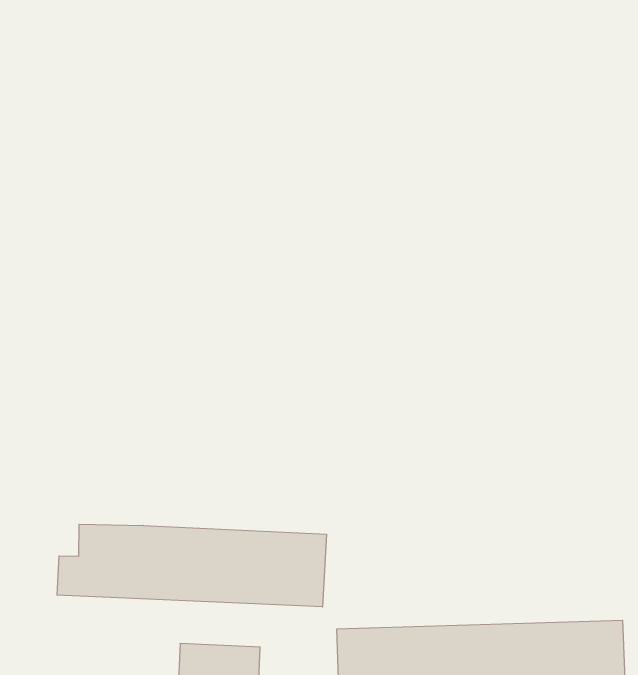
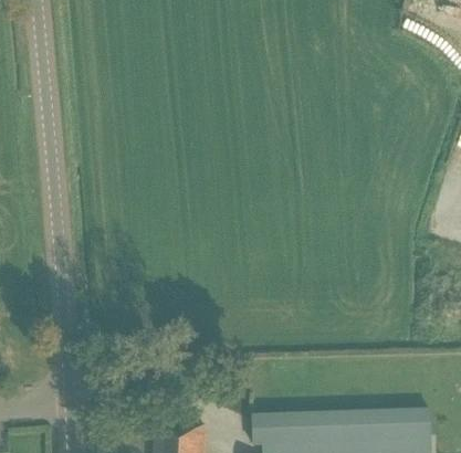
building: [57,524,326,607] -> none

